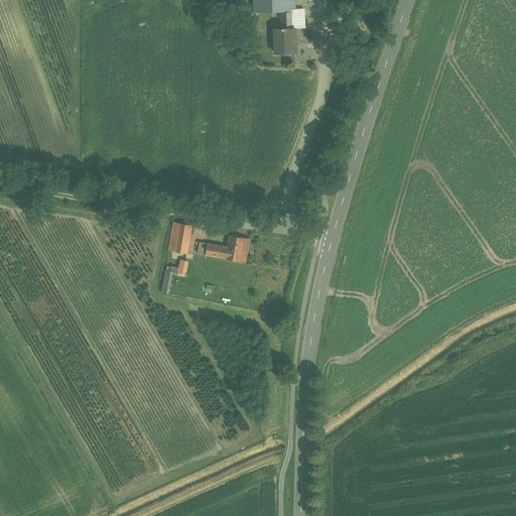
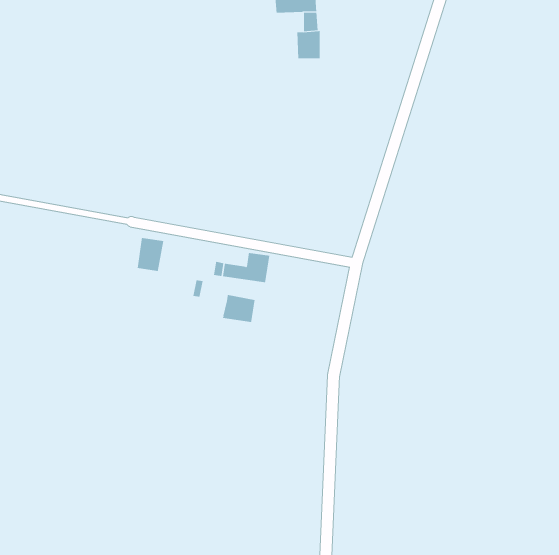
building: [168,221,194,252] -> [137,238,164,271]
building: none -> [223,294,255,323]

